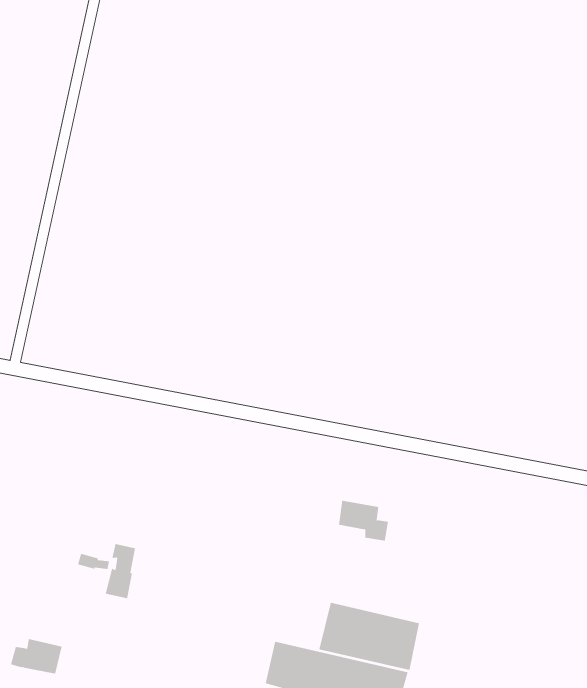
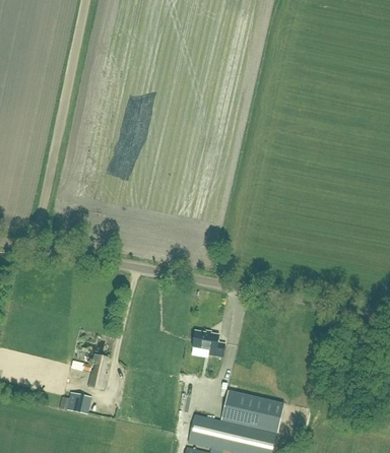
building: [338,500,389,541] -> [193,331,224,357]
building: [10,638,62,674] -> [59,392,91,414]

